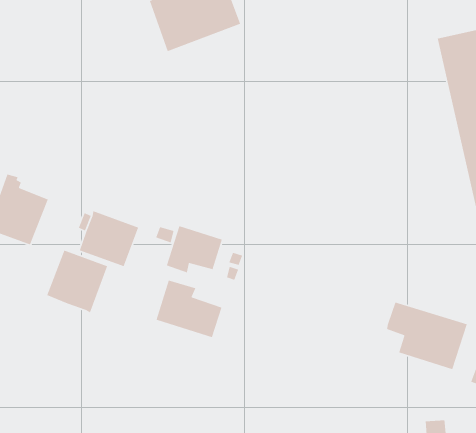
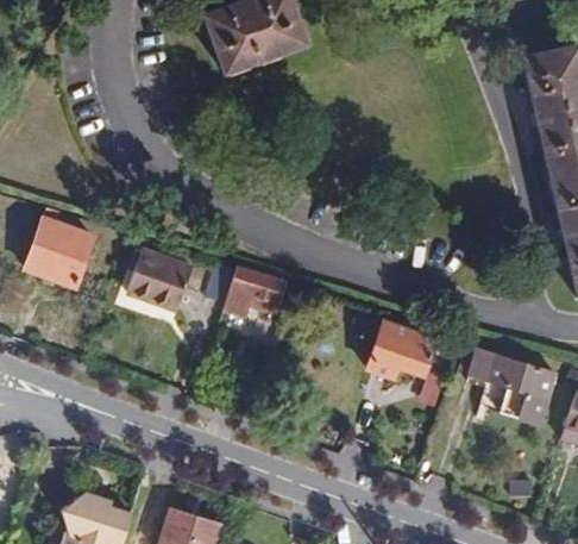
building: [46,250,108,313] -> none
building: none -> [367,321,435,377]
building: [155,280,222,338] -> none

